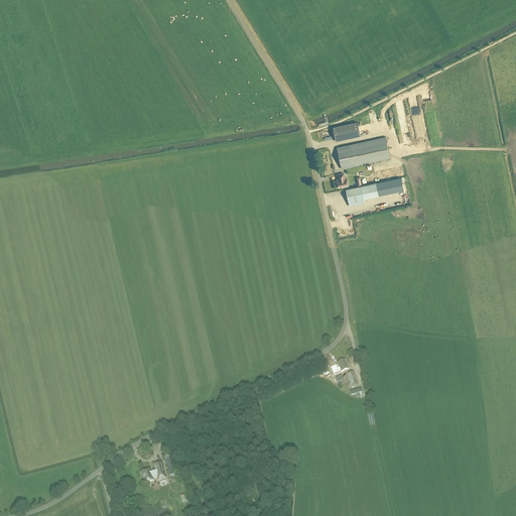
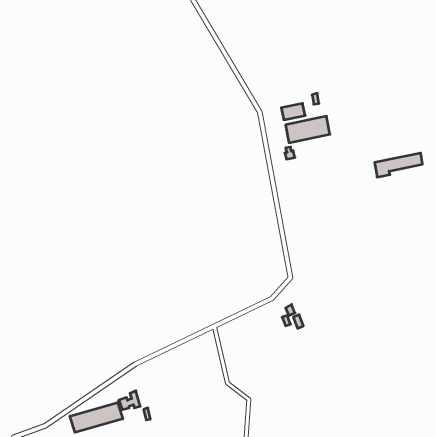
building: [346,177,402,206] -> [375,153,422,177]
building: none -> [70,402,123,432]

